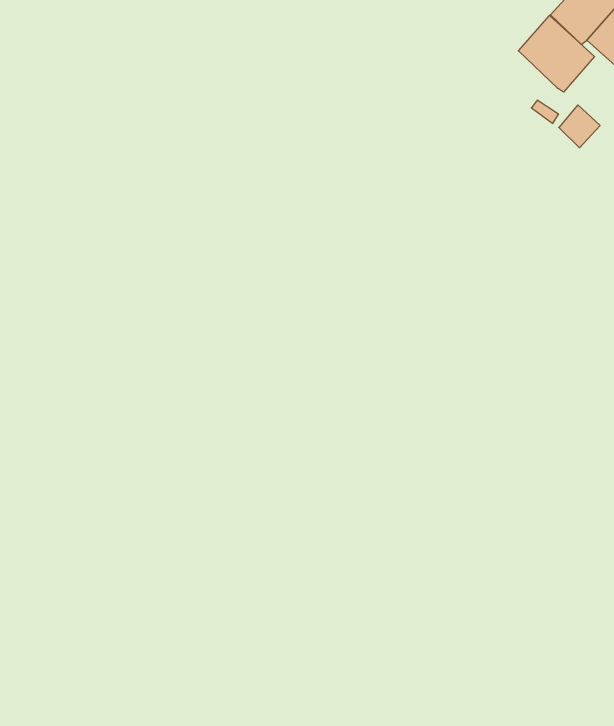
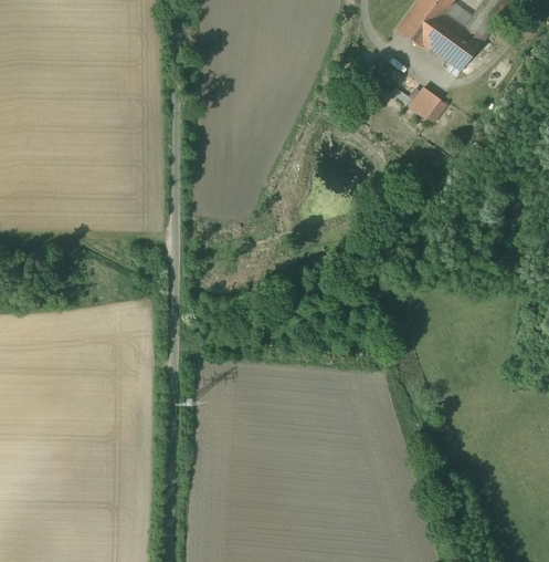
building: [518,15,595,92] -> none

